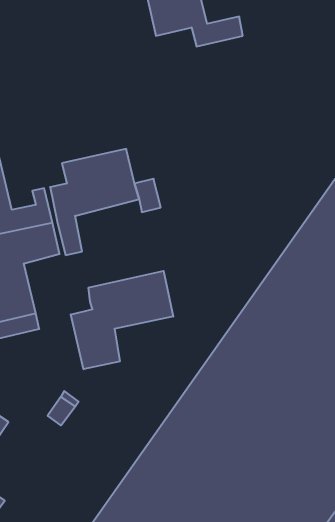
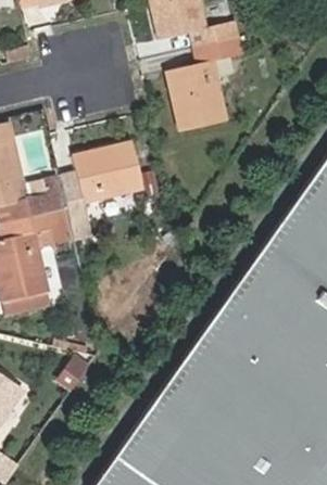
building: none -> [166,38,240,128]
building: [71,271,173,369] -> none

